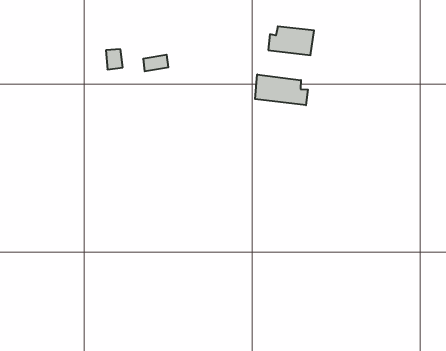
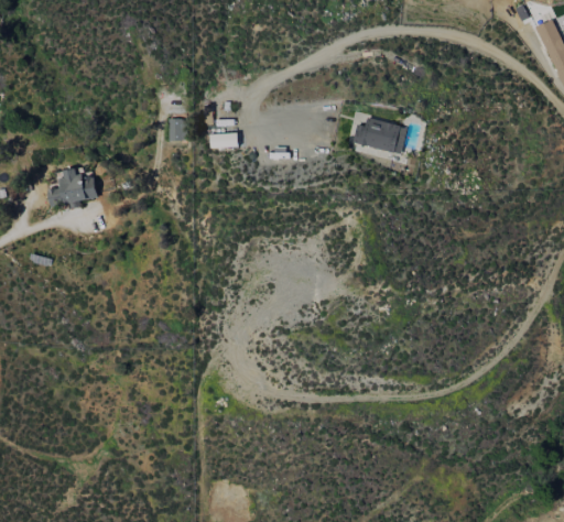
building: [255,74,308,105] -> none
building: none -> [48,168,98,205]

